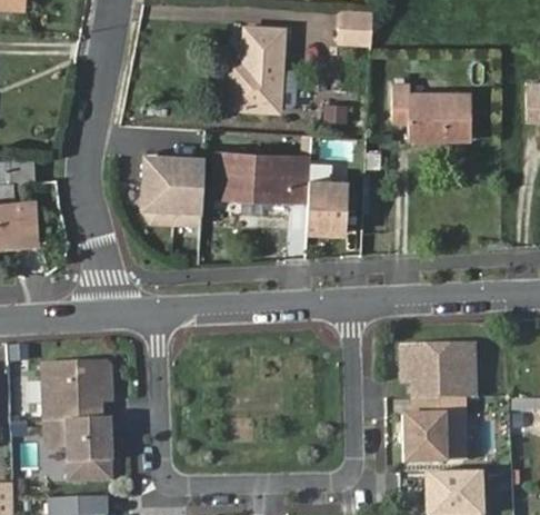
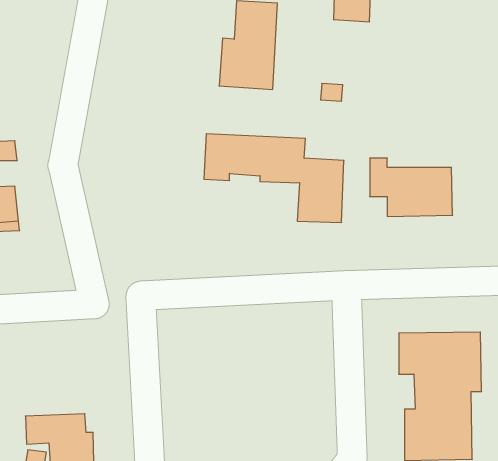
building: [393,83,472,139] -> [370,158,453,216]
building: [143,155,204,222] -> none
building: [41,363,111,422] -> none

